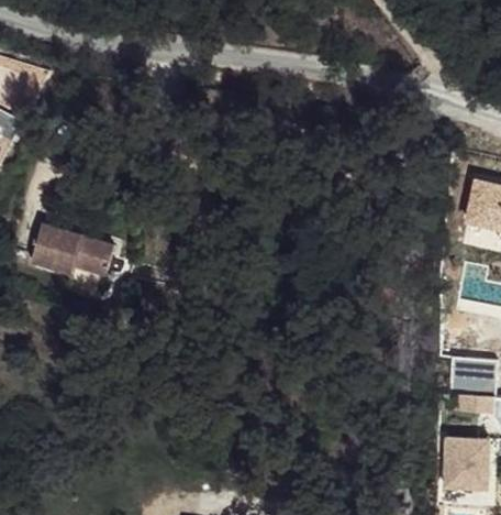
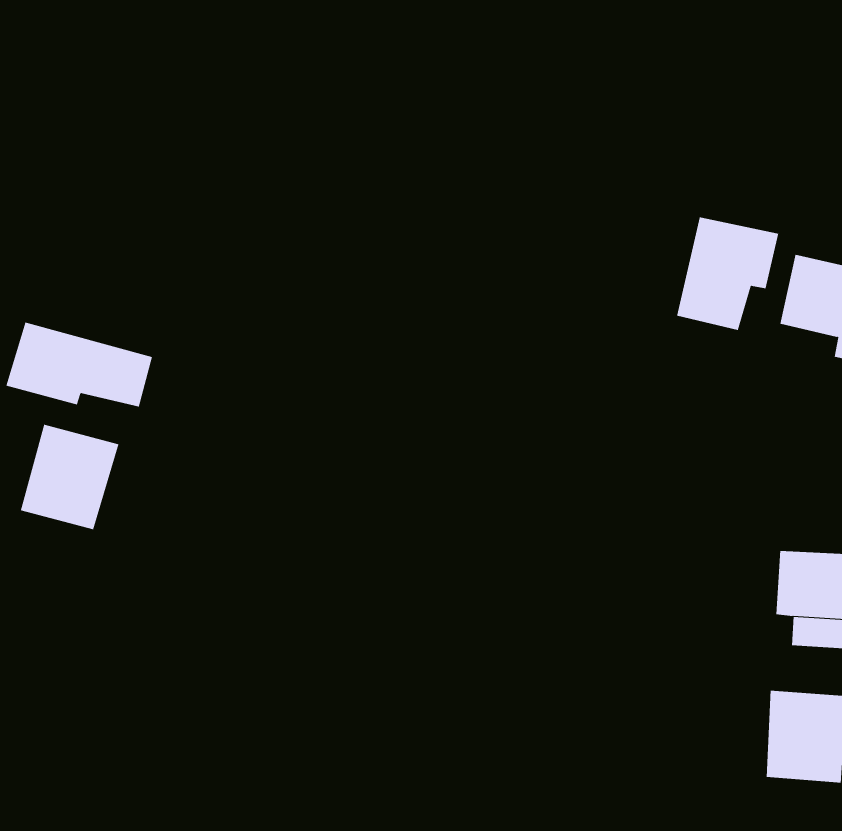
building: none -> [677,217,779,331]
building: none -> [20,424,119,530]

